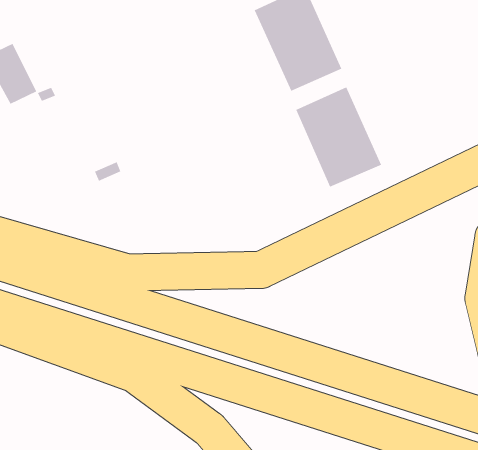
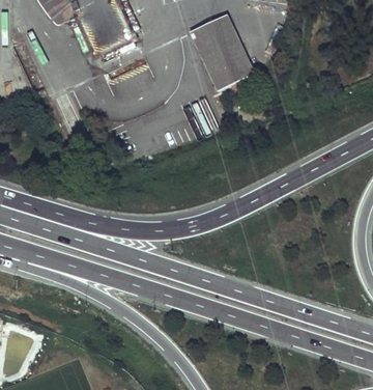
building: [296,86,382,187] -> none

